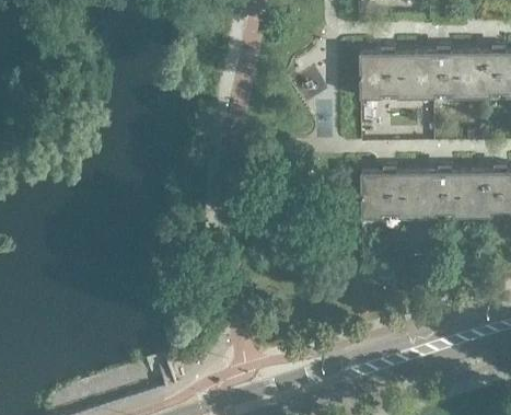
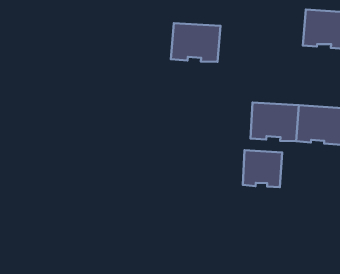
building: [360,53,418,99] -> [171,23,220,62]
building: none -> [243,150,282,187]

